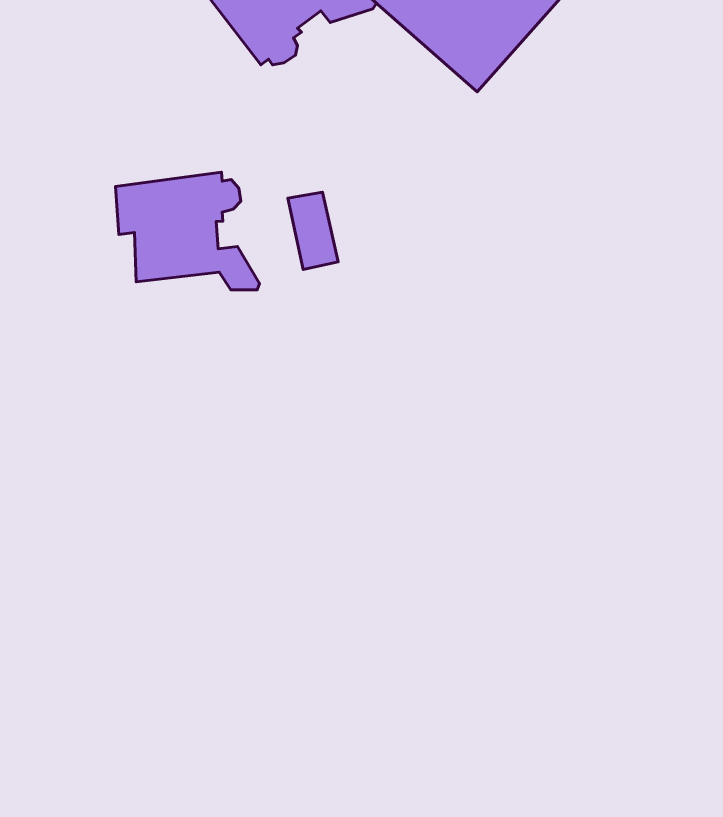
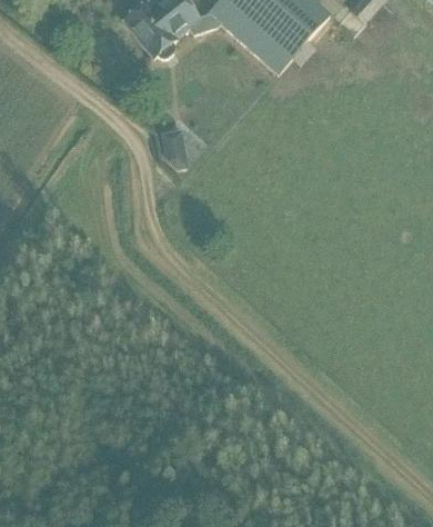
building: [115,172,260,290] -> none

